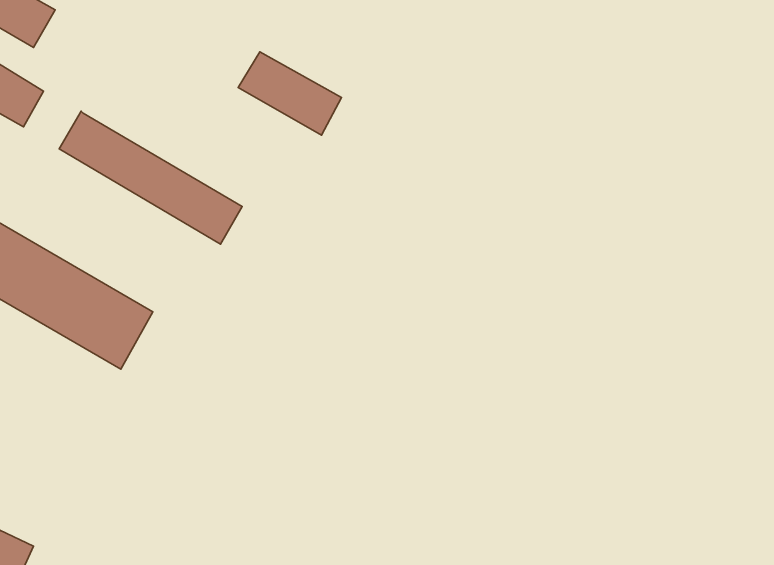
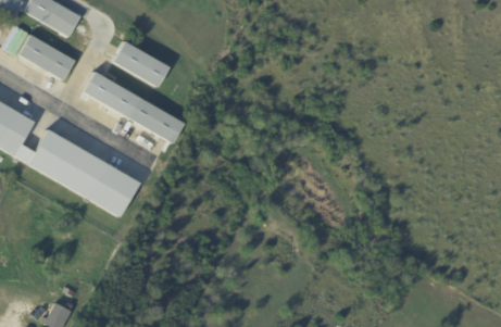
building: [238,52,341,135] -> [113,42,170,88]

